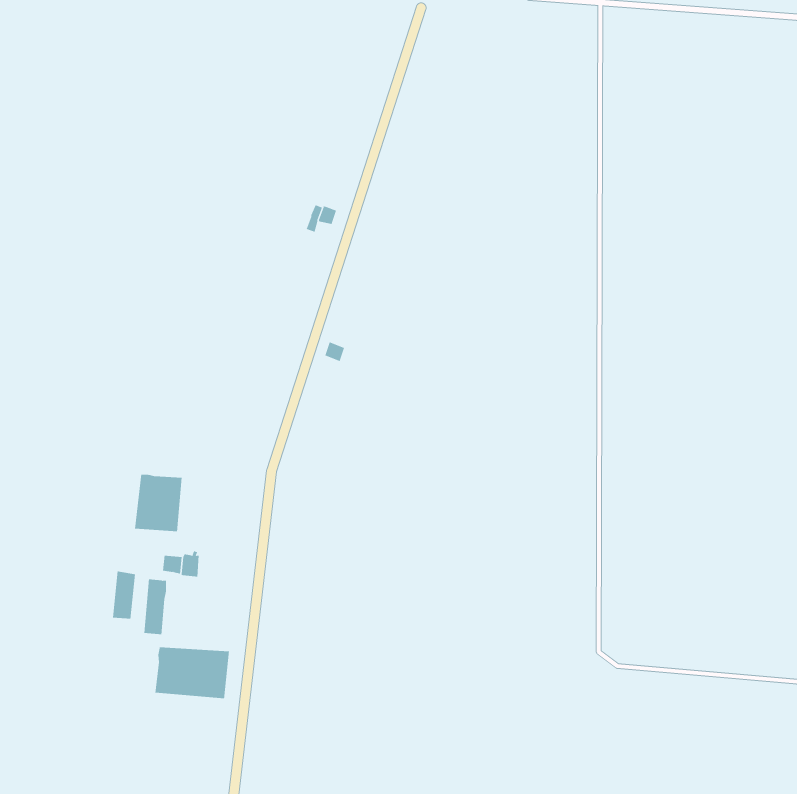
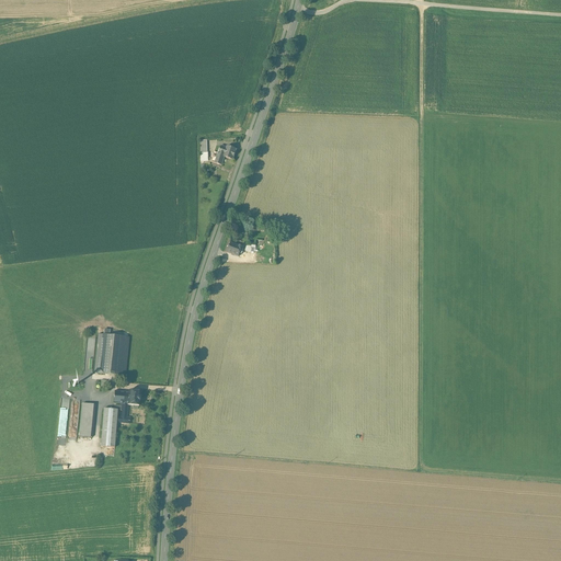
building: [155,646,229,699] -> none

